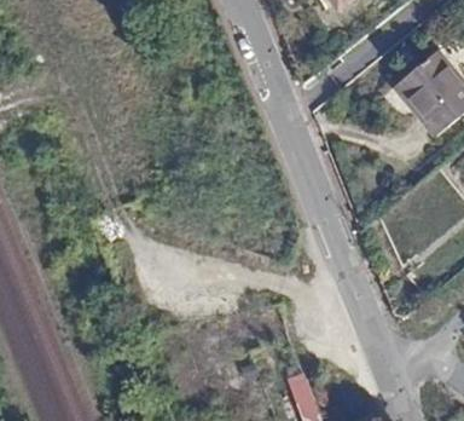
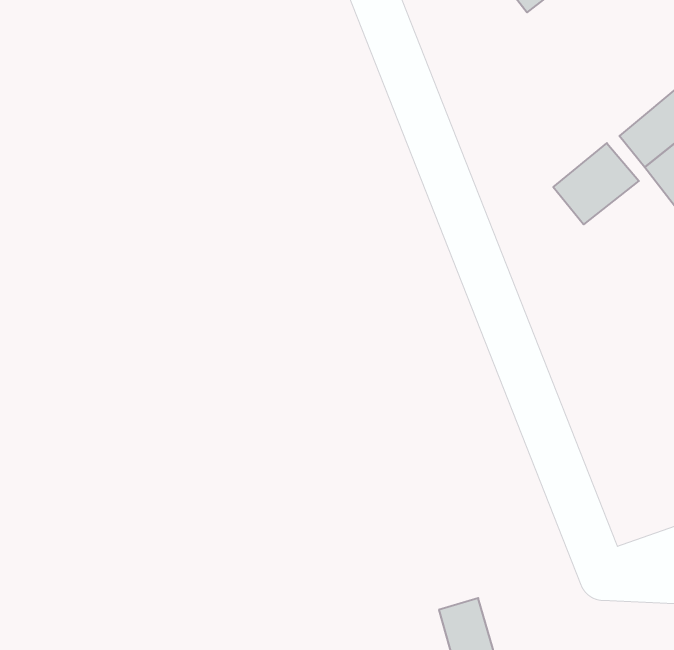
building: none -> [553,143,639,224]

